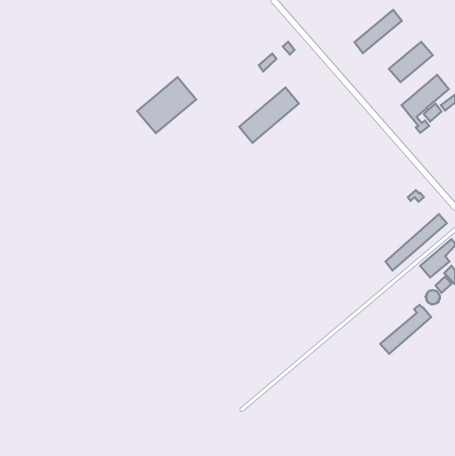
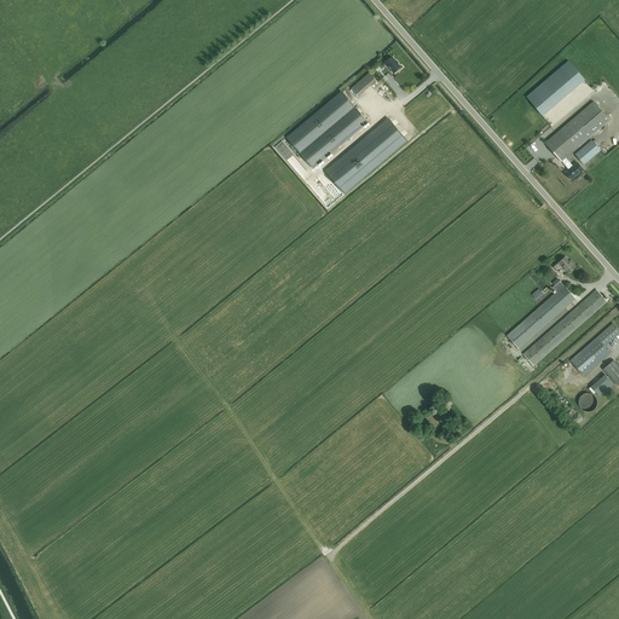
building: [354,10,402,53] -> none
building: [137,77,196,133] -> [287,92,366,168]
building: [380,305,431,354] -> [505,282,574,348]

